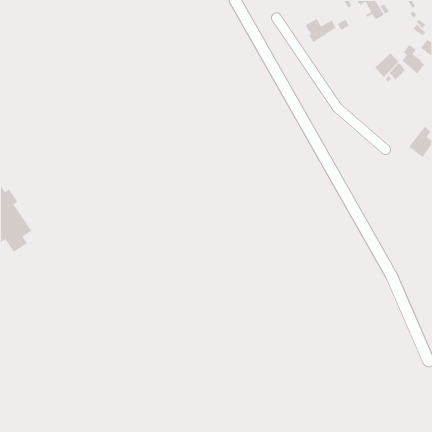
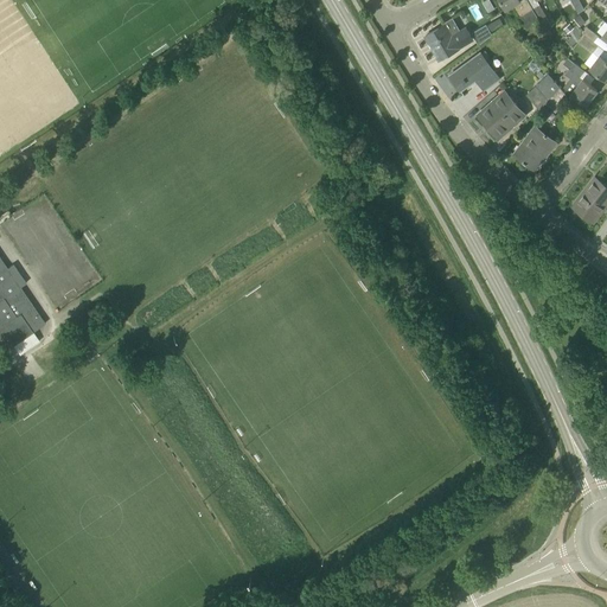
building: none -> [449,52,499,91]
building: none -> [478,90,525,138]
building: none -> [513,126,556,171]

